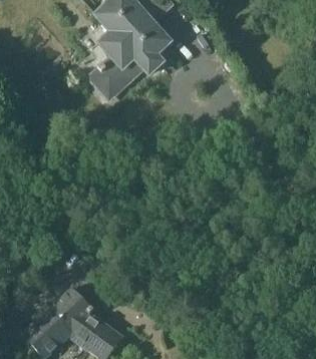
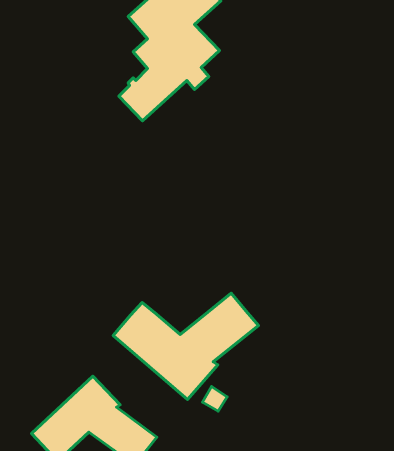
building: none -> [113,293,258,399]

